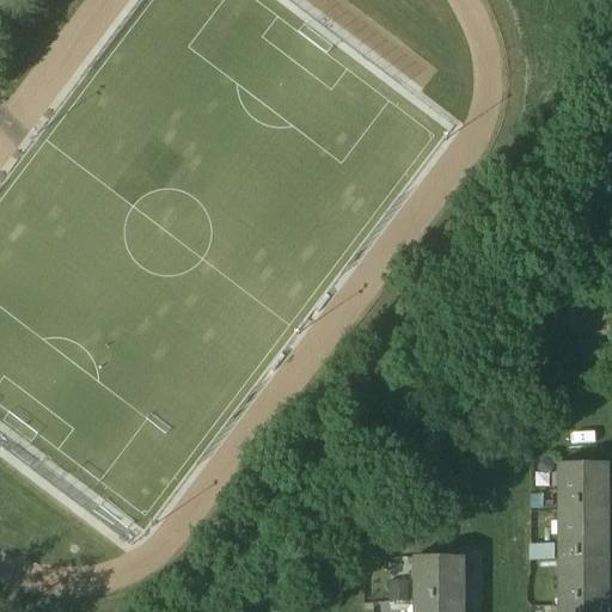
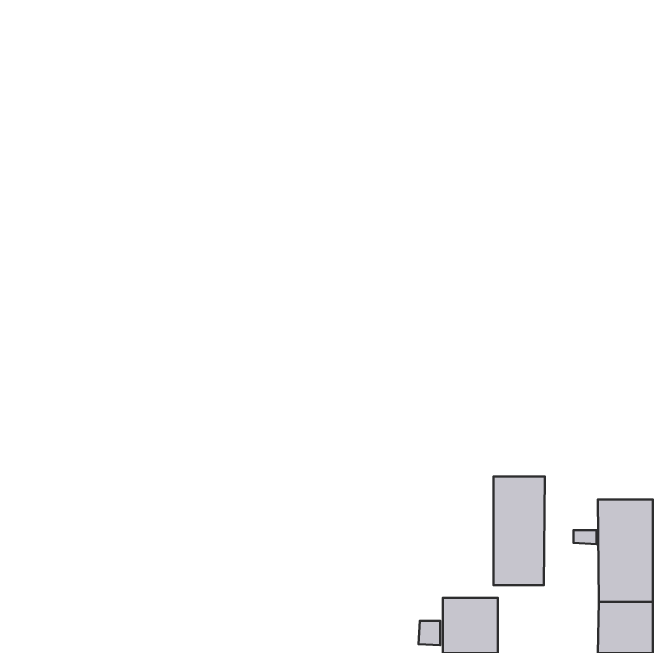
building: none -> [493,476,545,585]

